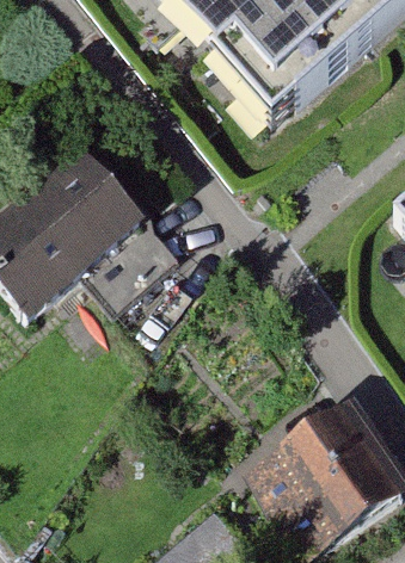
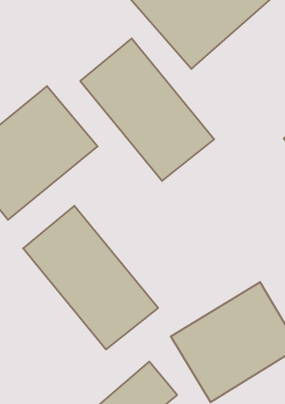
building: none -> [80,38,214,181]
building: none -> [23,206,158,349]

